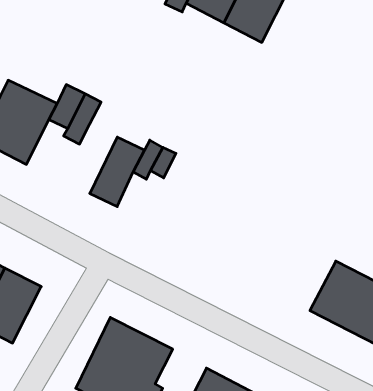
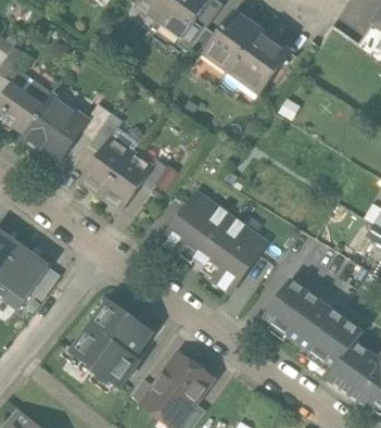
building: none -> [82,138,132,194]
building: none -> [161,191,266,291]

